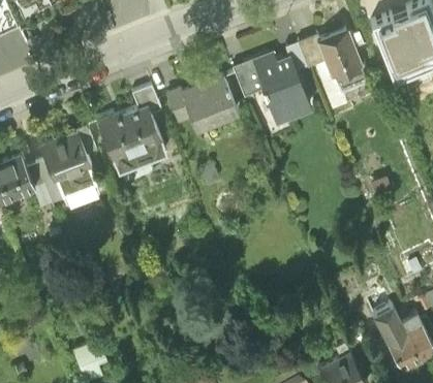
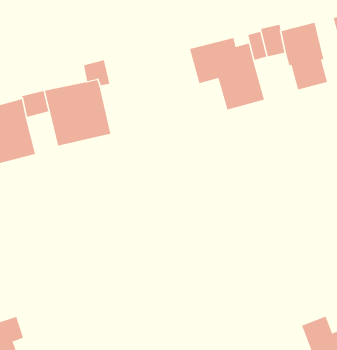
building: [164,73,236,131] -> none

